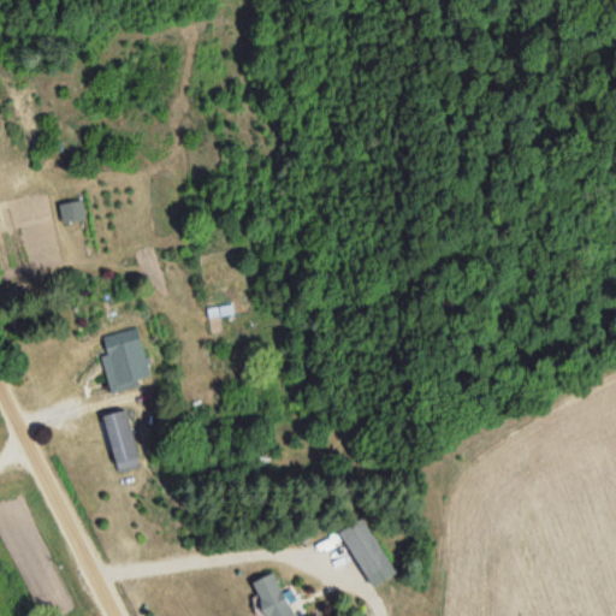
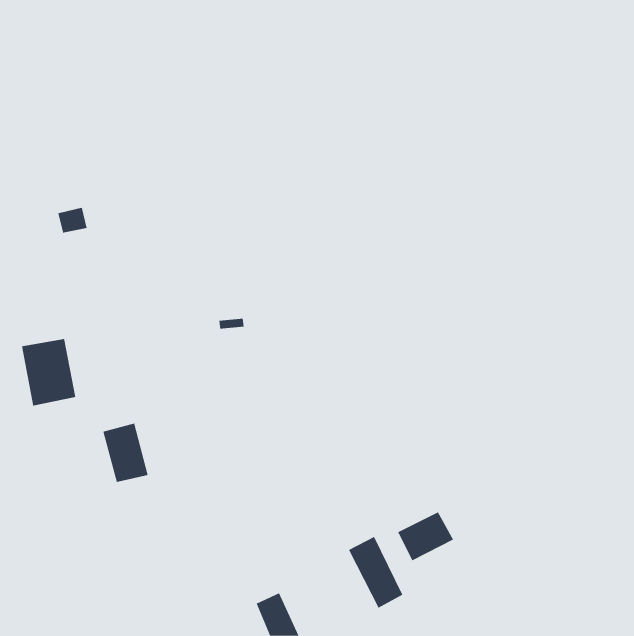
building: [100,330,153,395] -> [21,339,76,406]
building: none -> [397,511,454,561]

